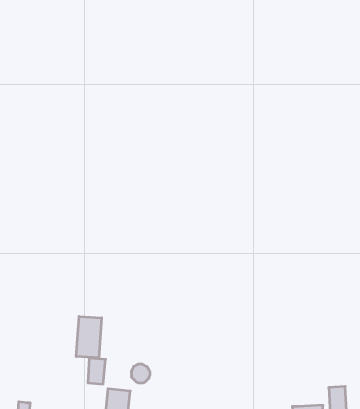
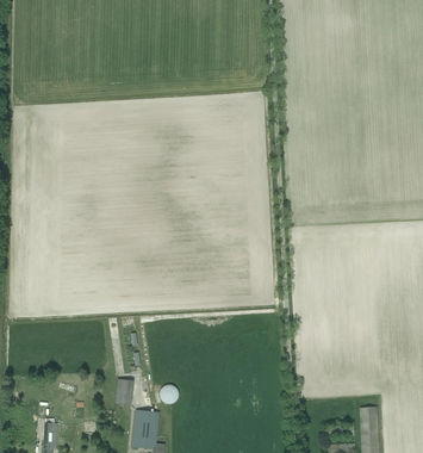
building: [76,316,102,358] -> none

